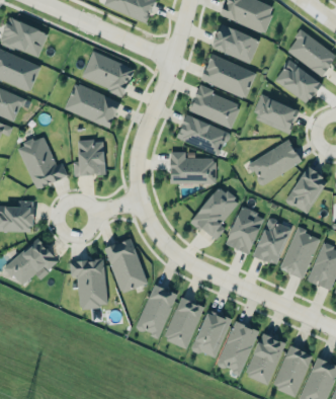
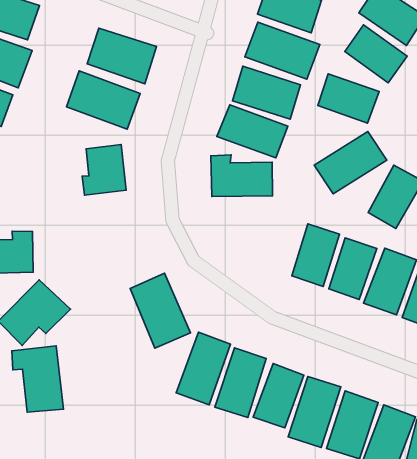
building: [18,136,68,189] -> none
building: [191,185,240,241] -> none
building: [71,259,107,308] -> [12,346,64,412]

